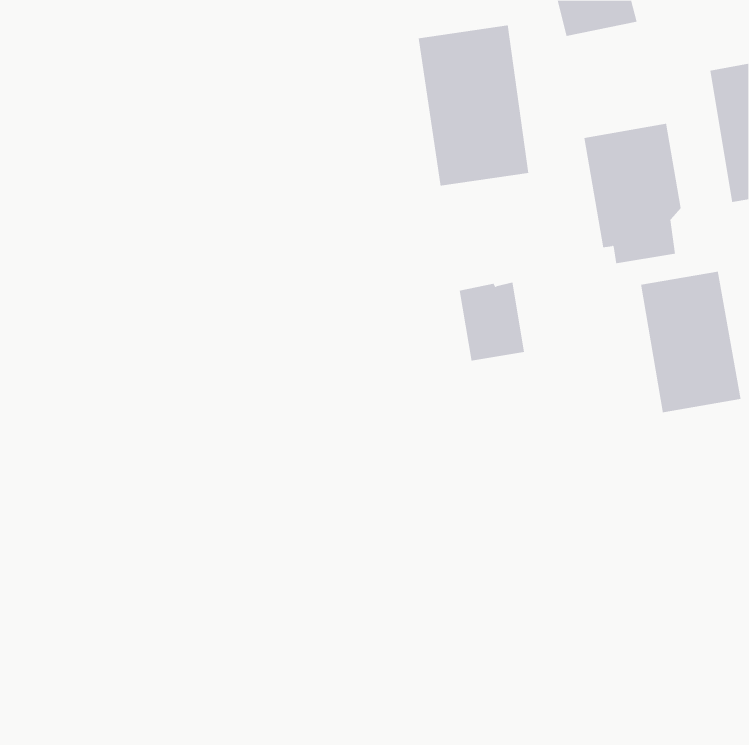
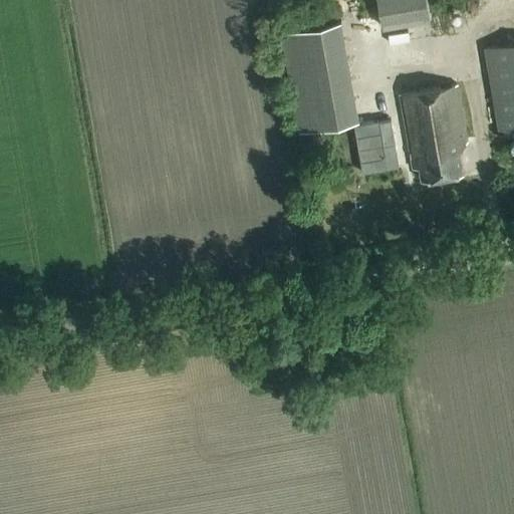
building: [640,271,741,413] -> none
building: [459,282,525,361] -> [354,122,400,177]

